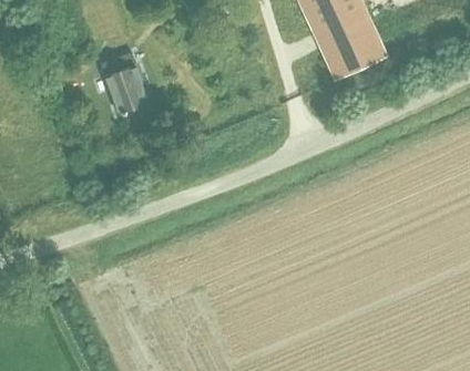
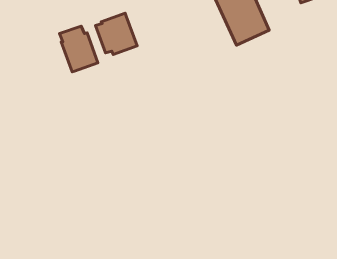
building: none -> [95,13,137,54]

